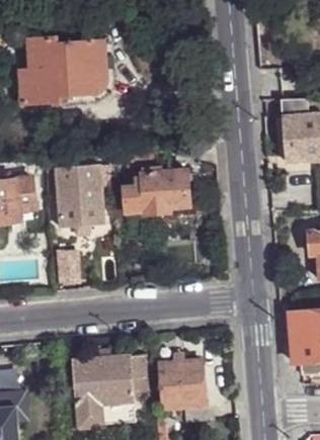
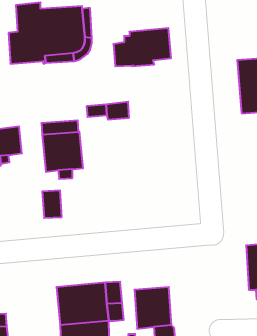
building: [123,169,188,212] -> [113,28,171,66]

